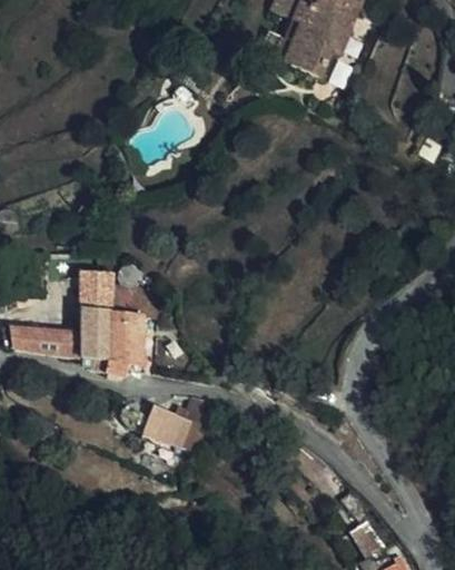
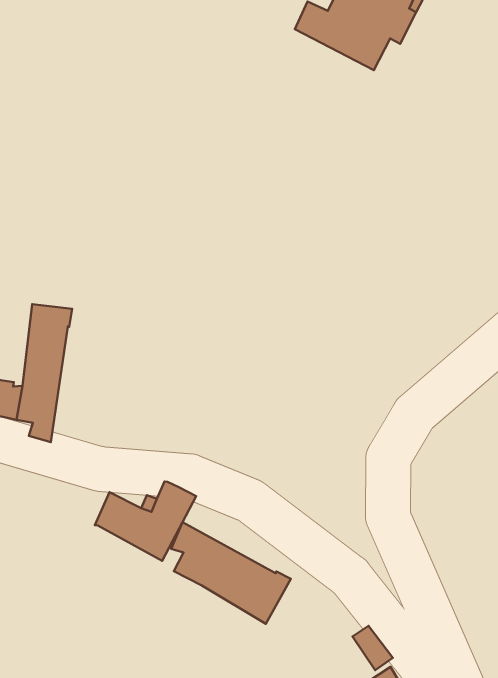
building: [106,285,170,375] -> none
building: none -> [171,522,291,624]

